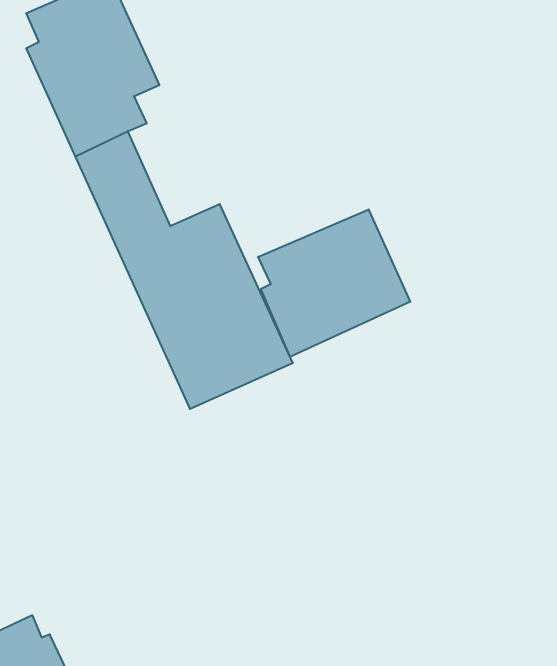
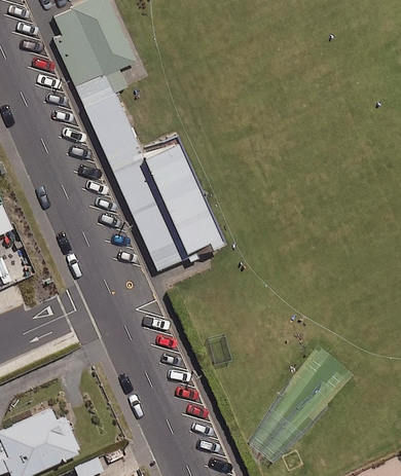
building: [258,209,410,357] -> none

